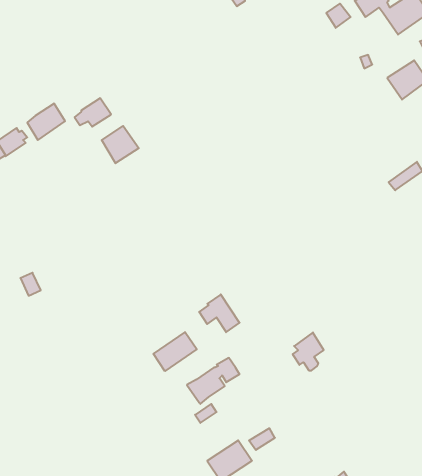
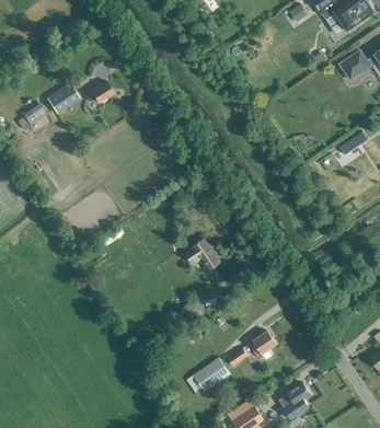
building: [102,126,139,163] -> none
building: [153,332,197,371] -> none
building: [293,332,324,370] -> [250,331,275,361]

